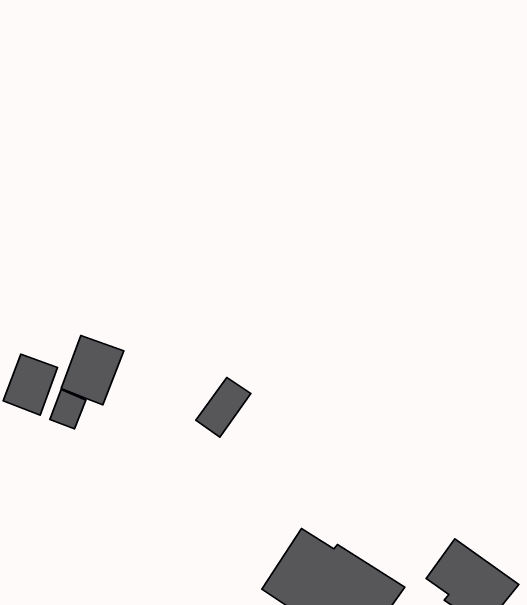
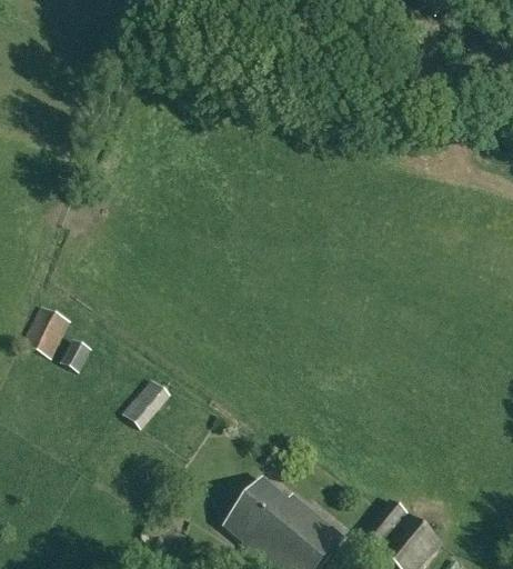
building: [61,335,124,405] -> none
building: [196,377,251,437] -> [122,379,171,429]

